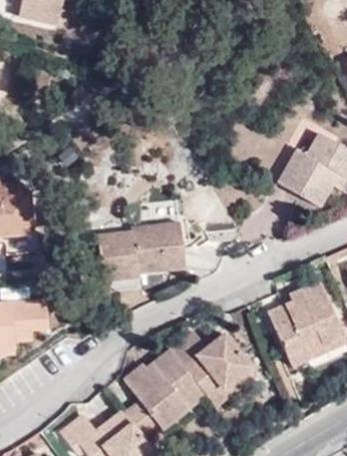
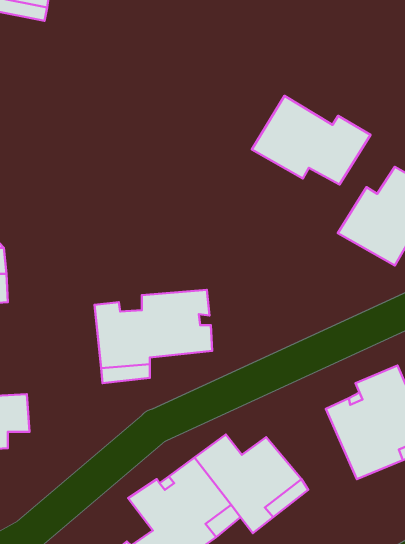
building: none -> [252,96,370,184]

